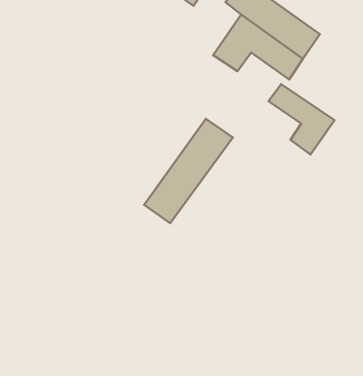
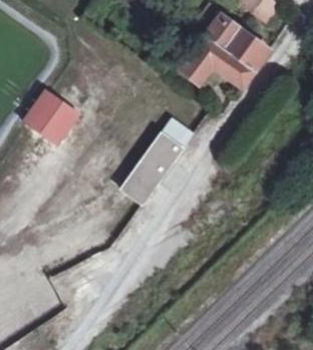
building: none -> [23,87,77,141]
building: [268,84,335,155] -> none

